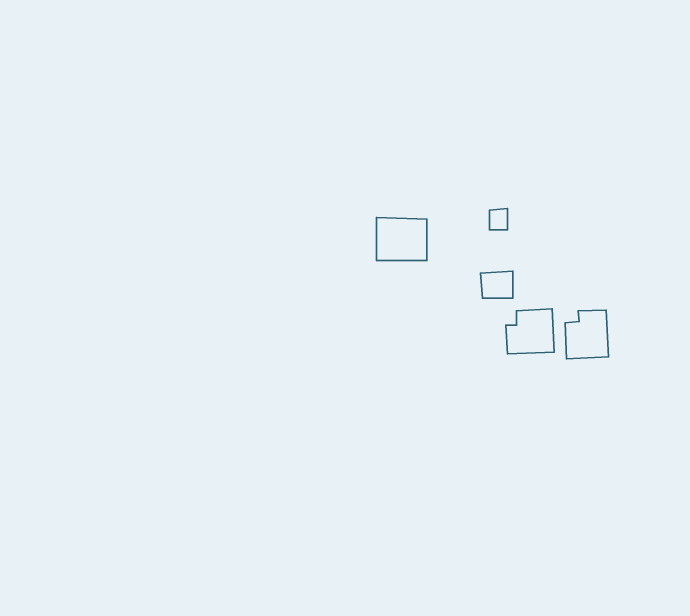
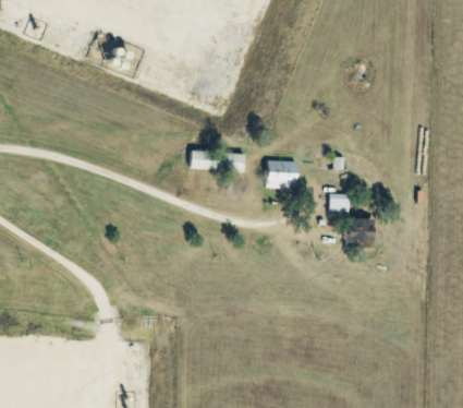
building: none -> [188,151,245,170]
building: [565,310,608,359] -> none

